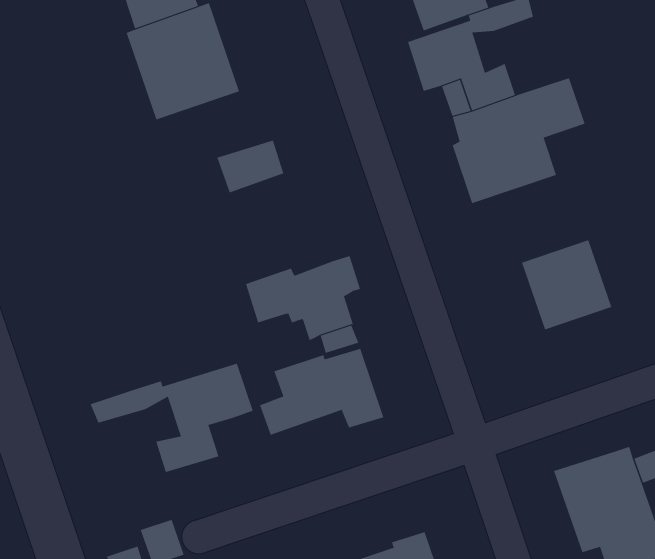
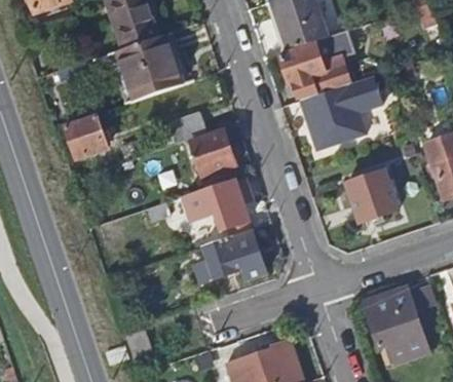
building: none -> [65,115,107,158]
building: none -> [192,127,236,174]
building: [90,363,253,473] -> none

